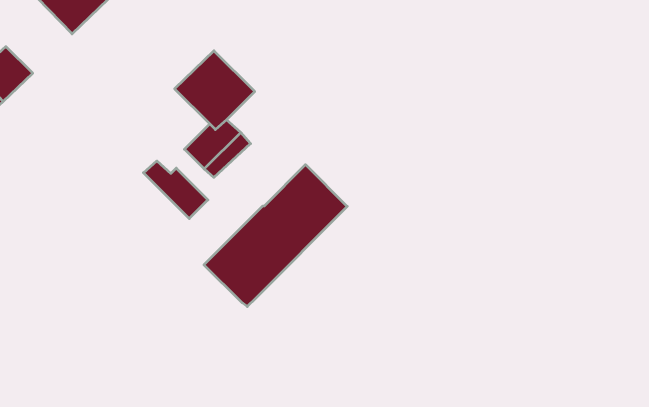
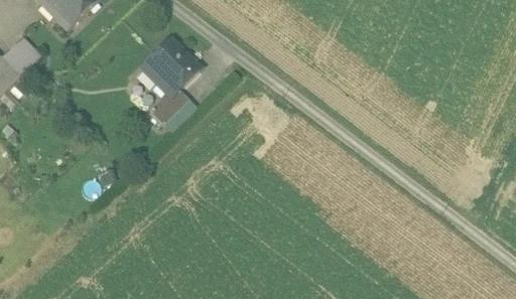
building: [143,161,208,219] -> none
building: [204,165,347,307] -> none

